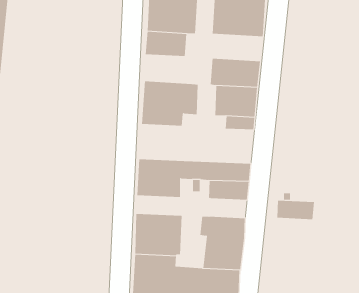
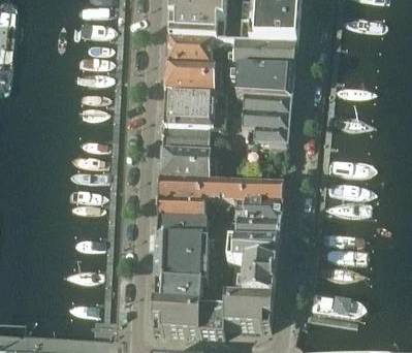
building: none -> [232,38,296,68]
building: none -> [165,61,220,93]
building: none -> [159,137,211,178]
building: none -> [156,216,207,237]
building: [276,200,315,220] -> [236,219,279,240]

